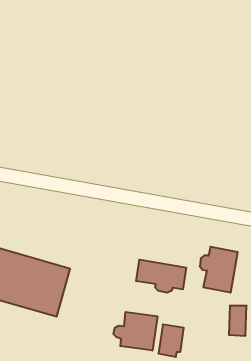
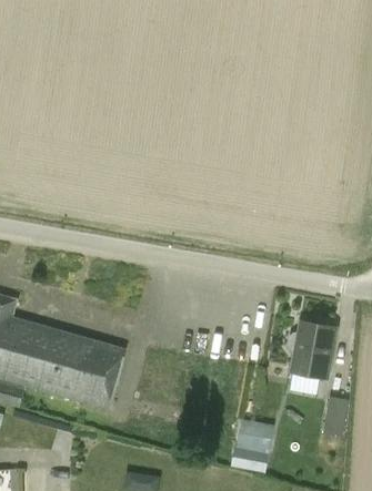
building: [136,260,186,293] -> none
building: [113,312,158,351] -> none

